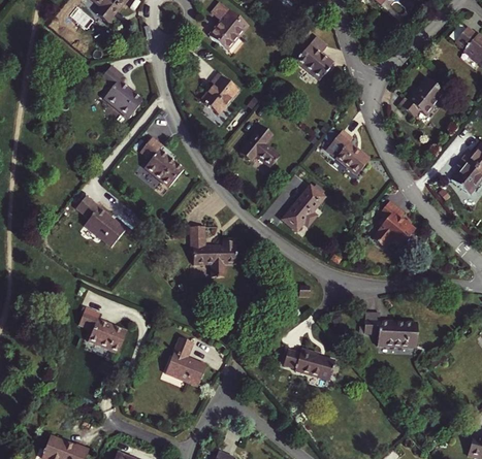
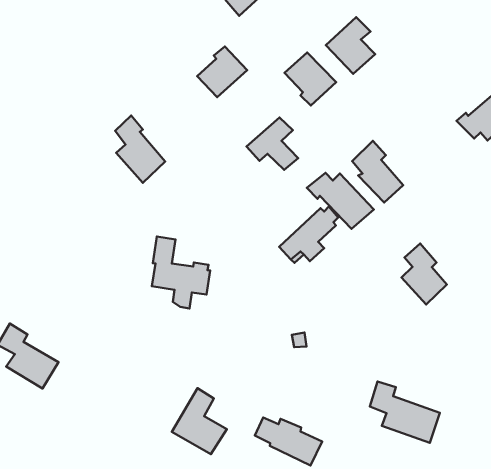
building: [95,65,140,118] -> none
building: none -> [285,53,336,106]
building: none -> [307,173,374,229]
building: [73,196,124,247] -> none
building: [165,337,206,386] -> [172,388,227,454]

